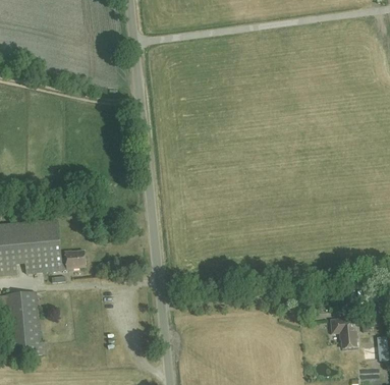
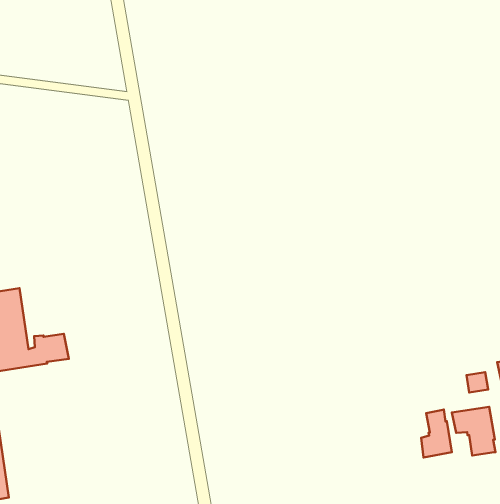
building: none -> [421,410,452,457]

